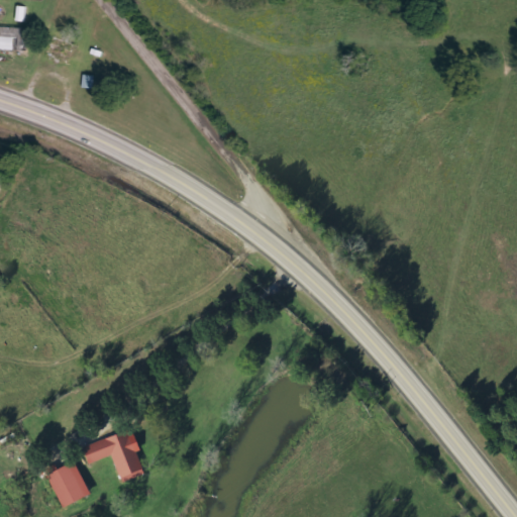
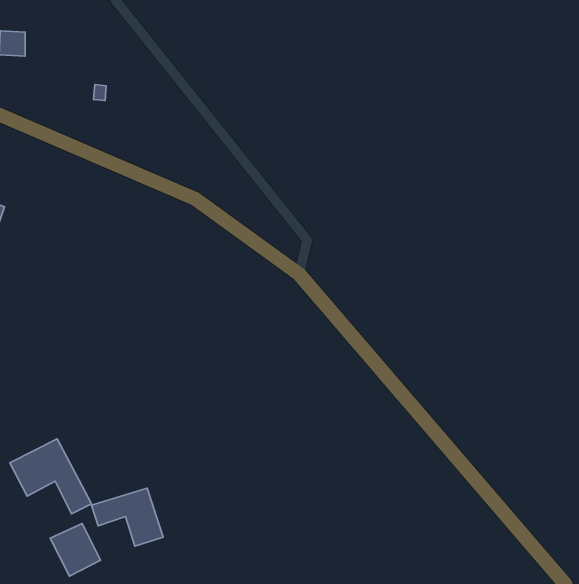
building: none -> [10,439,92,514]

